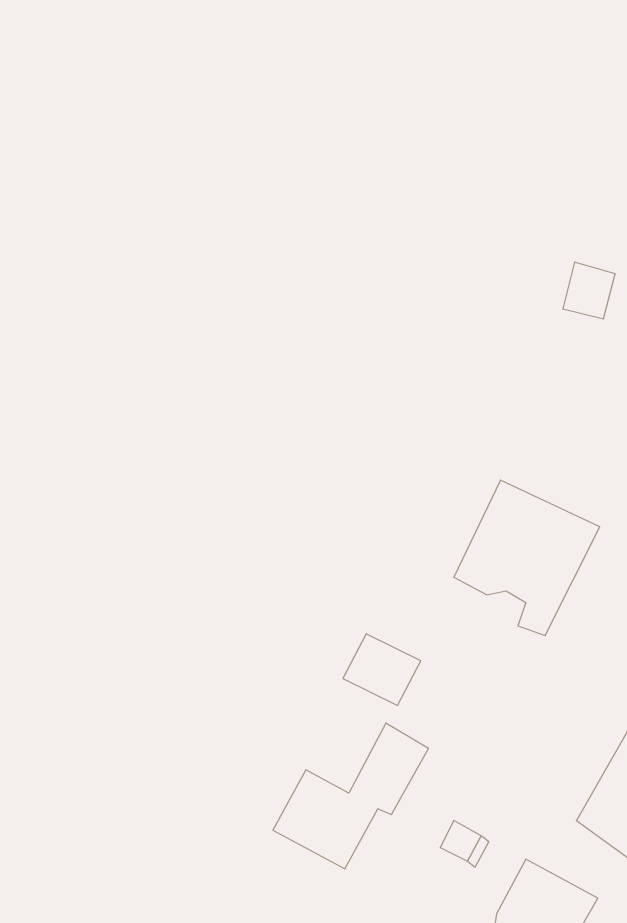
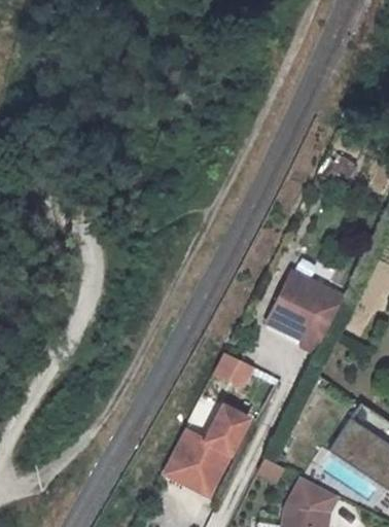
building: none -> [164,449,232,493]

